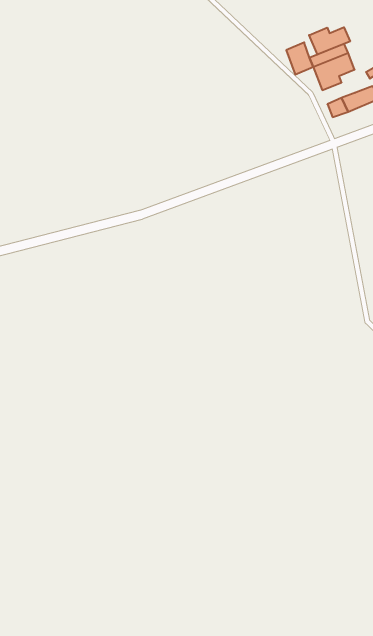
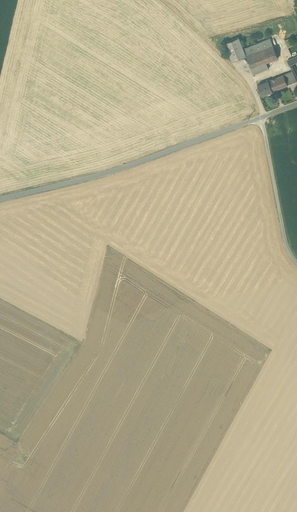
building: [309,27,350,55] -> none

